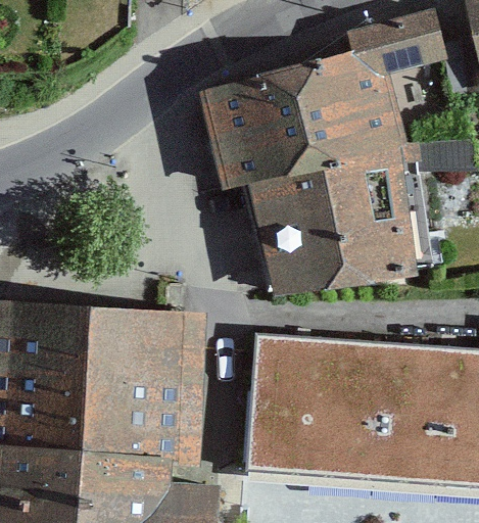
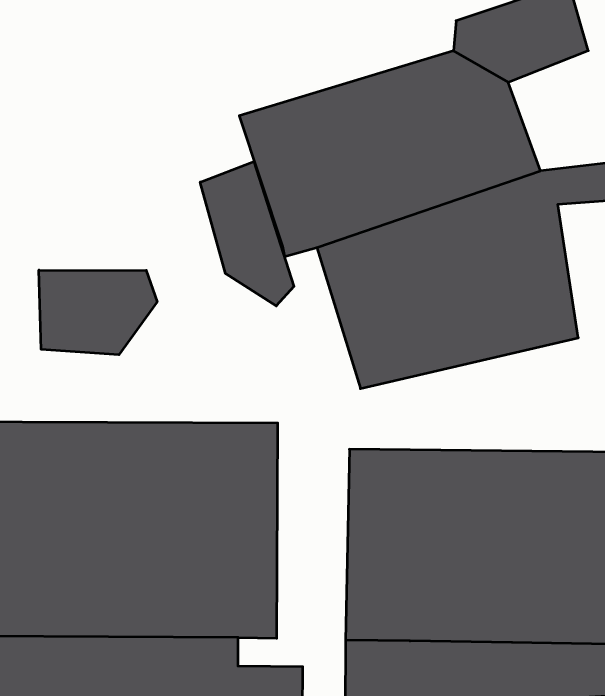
building: none -> [200,161,294,306]
building: none -> [39,270,157,355]

